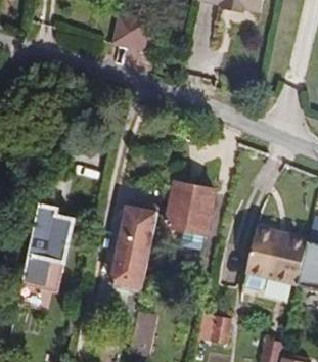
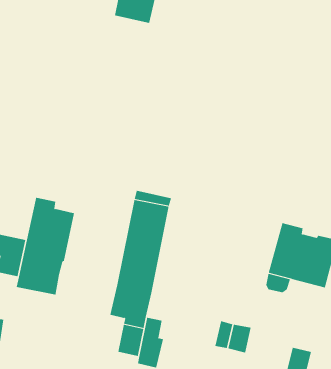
building: [167,182,215,232] -> none

